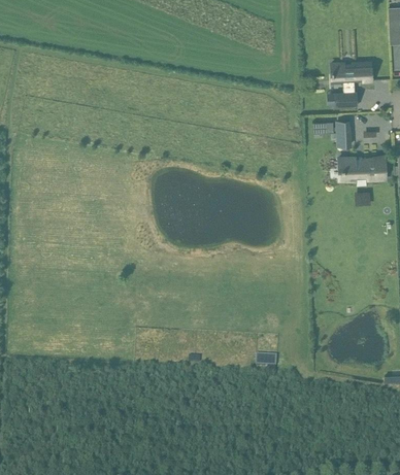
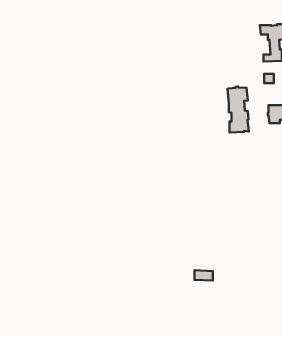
building: none -> [228,87,249,132]

